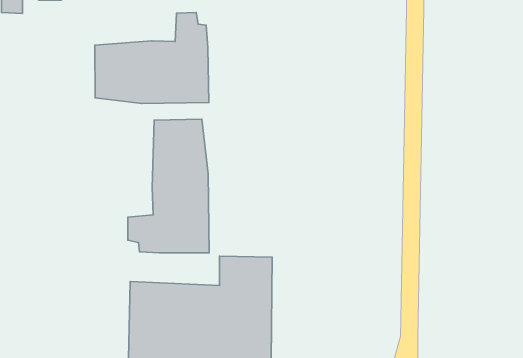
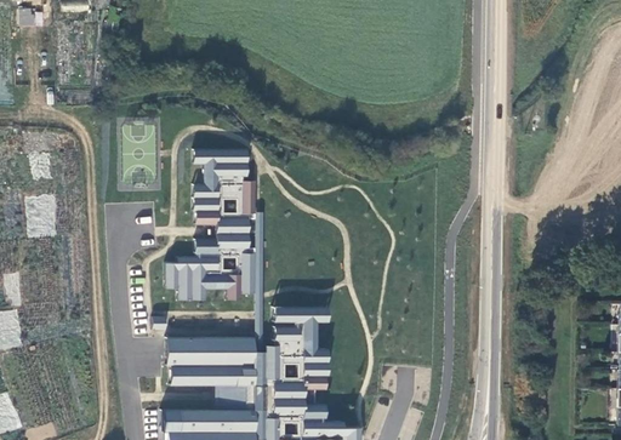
building: [95,13,209,104] -> none

